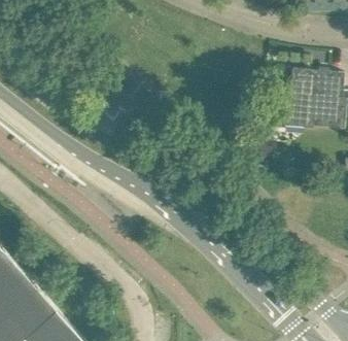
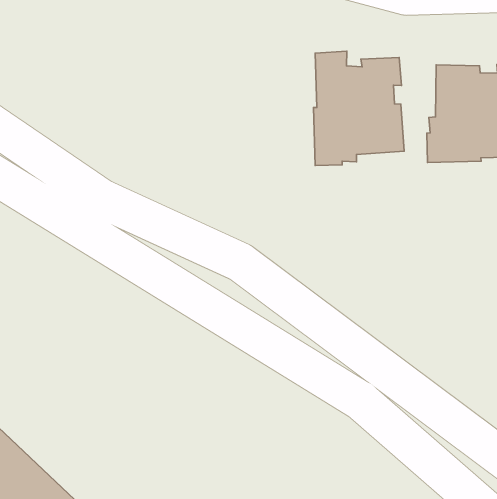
building: none -> [314,51,404,165]

